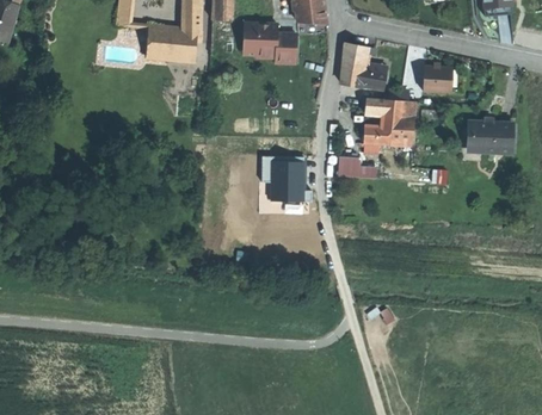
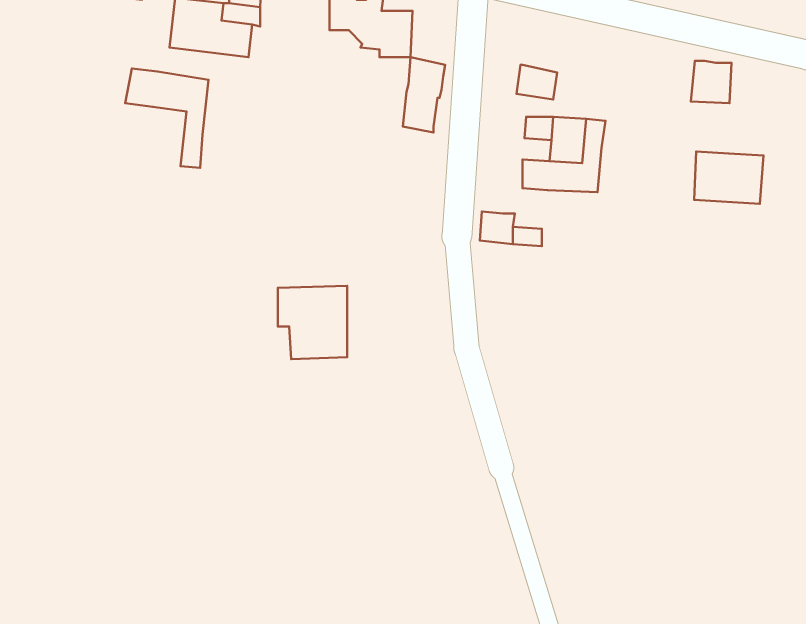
building: [340,43,367,89] -> [403,57,445,132]
building: [423,67,448,93] -> [691,61,731,103]
building: none -> [125,68,209,168]
building: [264,156,307,202] -> [278,286,347,359]

